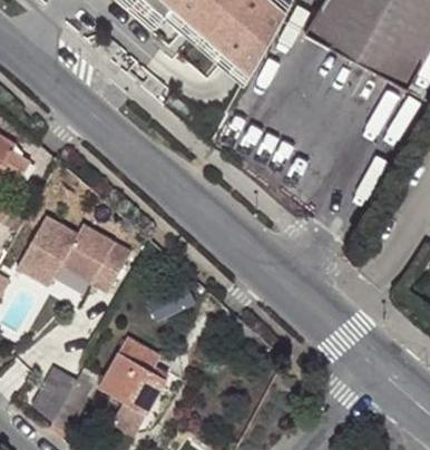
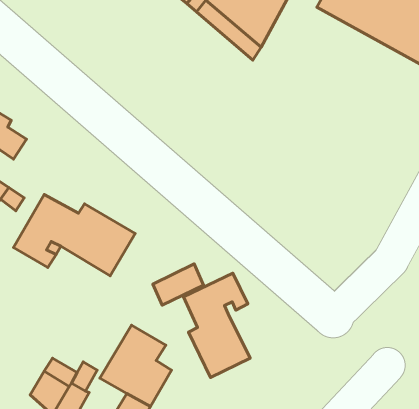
building: none -> [183,273,250,378]

